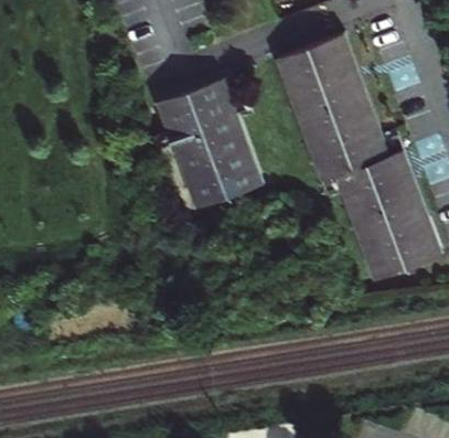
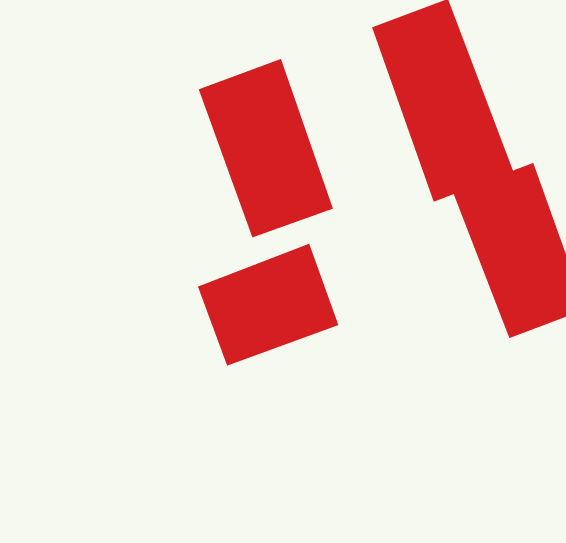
building: none -> [197,243,339,367]

